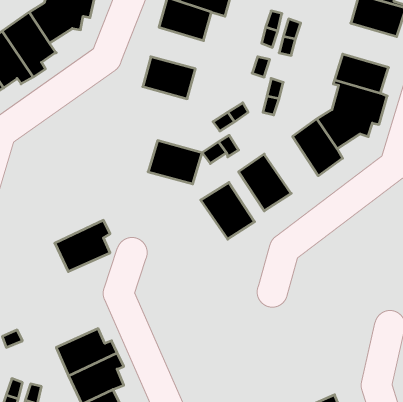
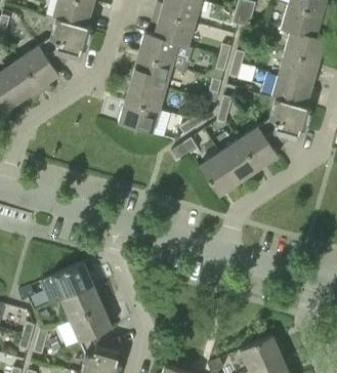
building: none -> [278,52,319,86]
building: none -> [132,55,172,87]
building: [148,141,202,184] -> [119,100,160,133]
building: [201,182,255,239] -> [218,138,259,181]
building: [55,220,110,272] -> [50,259,92,298]

